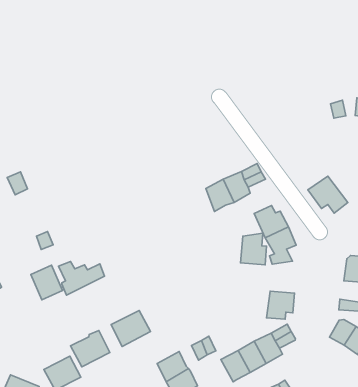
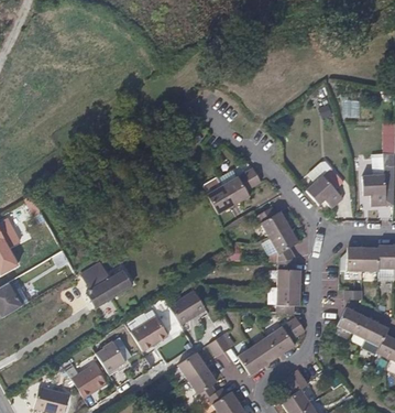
building: [241,233,267,265] -> [277,258,300,287]
building: [31,265,63,300] -> none
building: none -> [168,289,206,324]

